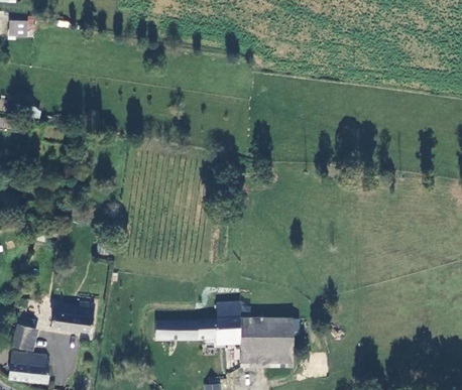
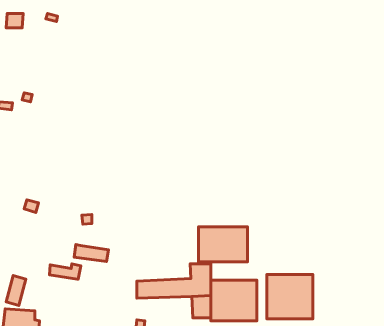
building: none -> [198,227,248,262]
building: [53,312,92,332] -> [74,245,108,262]
building: none -> [267,275,313,319]

